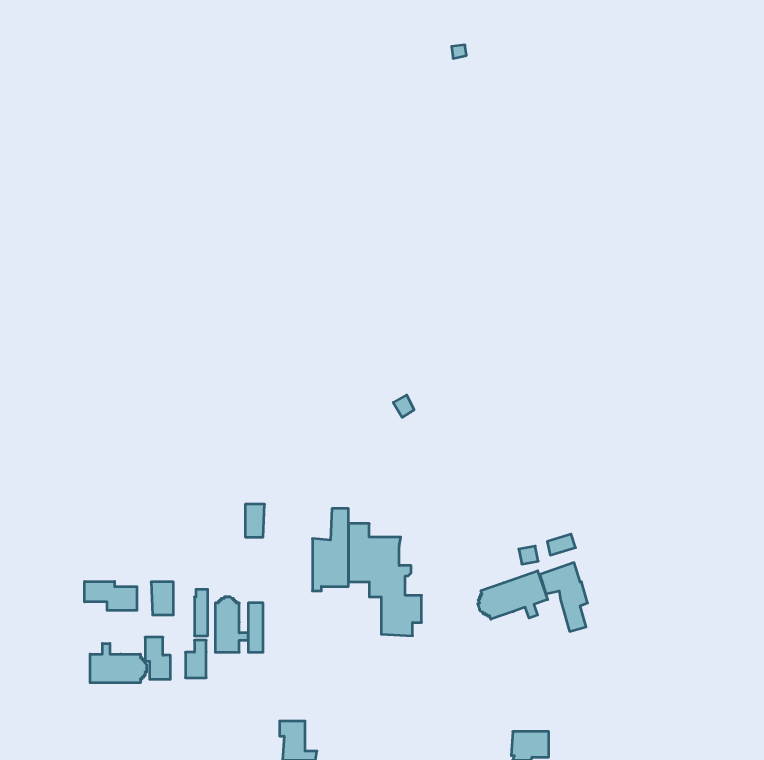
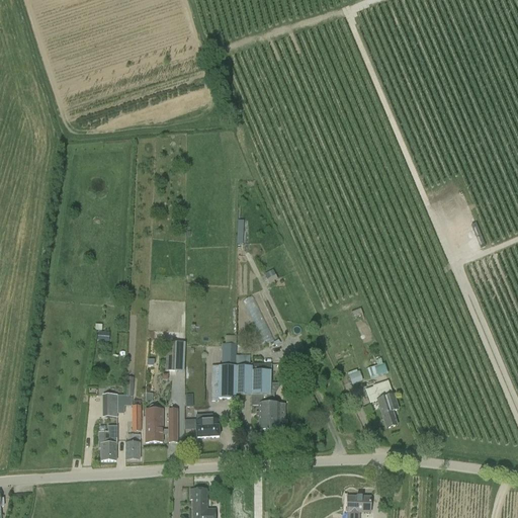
building: [478,571,548,619] -> none
building: [85,581,137,610] -> none
building: none -> [196,414,219,436]
building: [90,643,147,683] -> none

